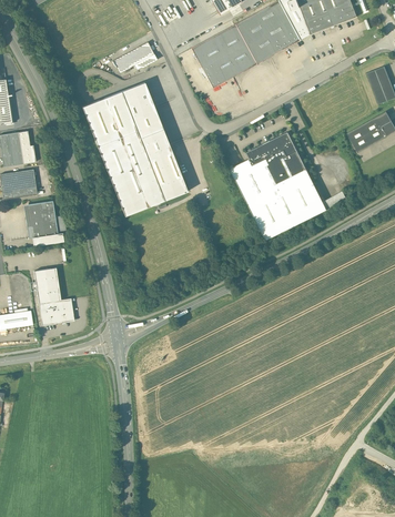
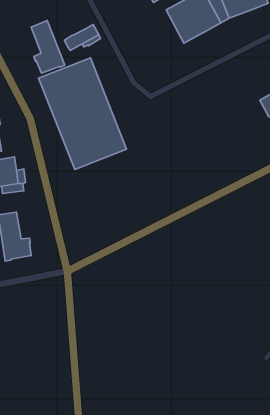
building: [191,23,256,87] -> none
building: none -> [31,20,65,73]
building: [230,131,326,240] -> none

